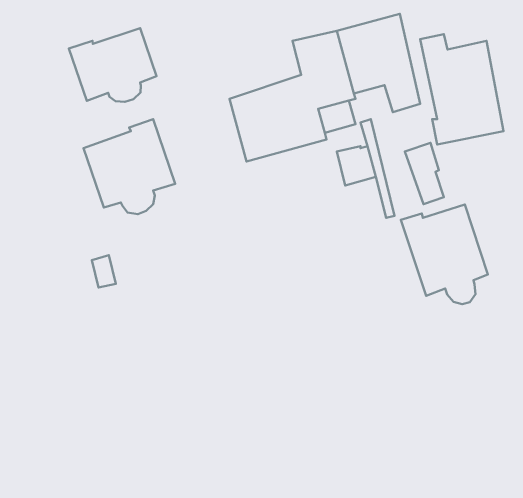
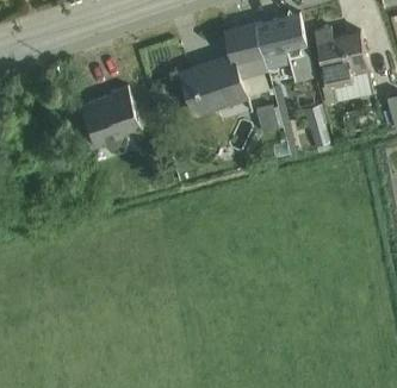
building: [69,28,157,102] -> none
building: [401,205,488,304] -> none

